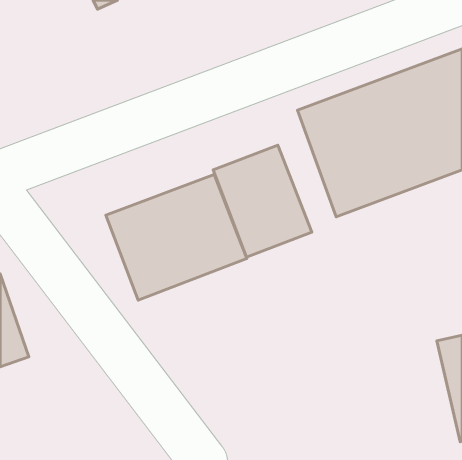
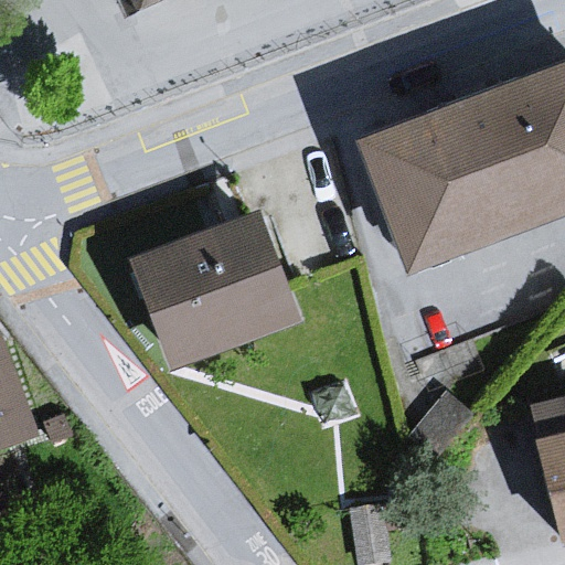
building: [213,145,312,257] -> none

